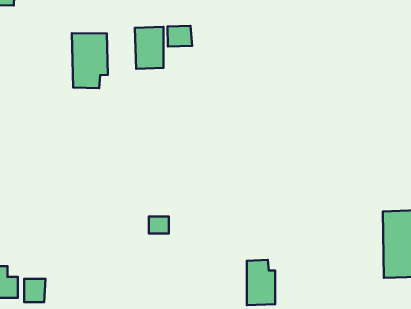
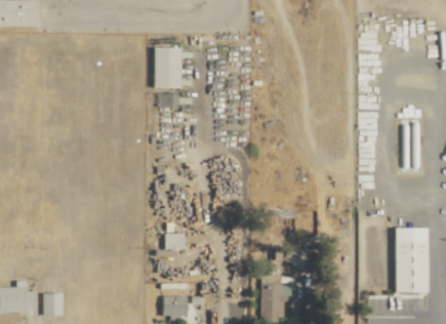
building: [167,26,192,47] -> none
building: [72,33,108,88] -> none
building: none -> [163,295,188,318]

